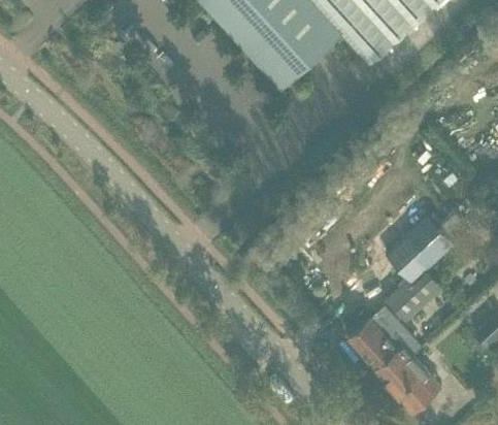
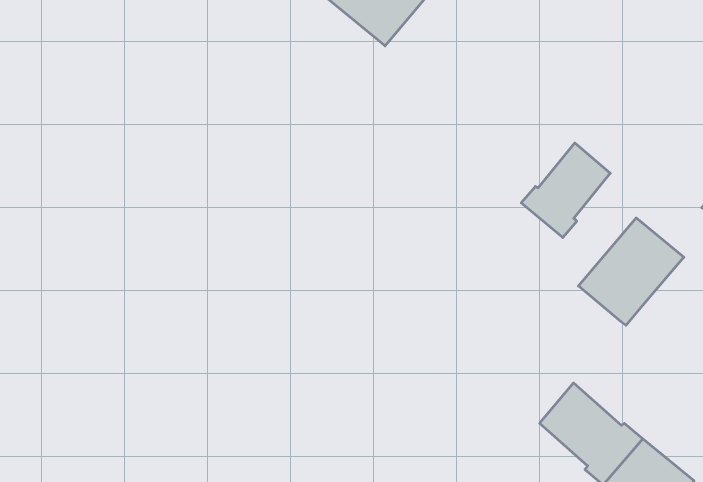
building: none -> [521,143,610,238]
building: [388,268,443,319] -> none

